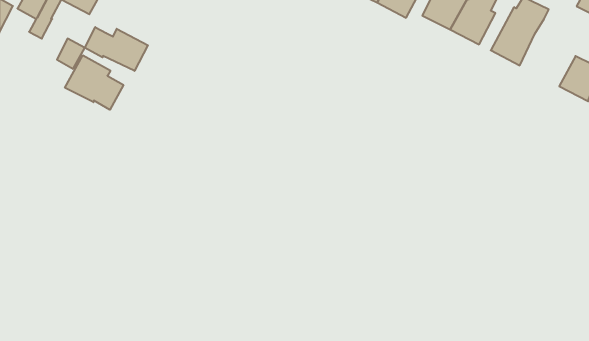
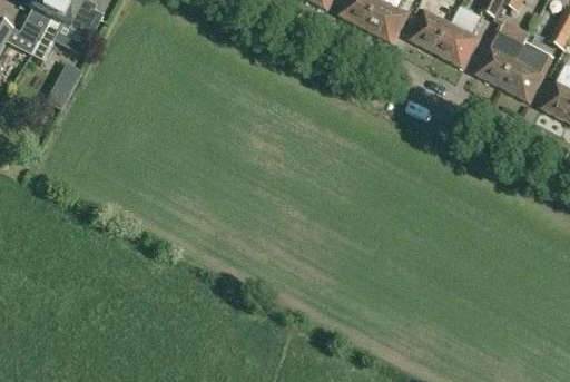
building: none -> [502,45,552,104]
building: [85,27,148,71] -> none
building: [65,55,123,110] -> none

